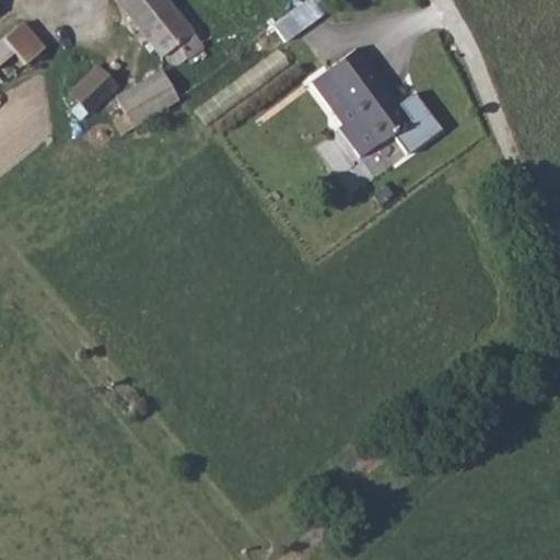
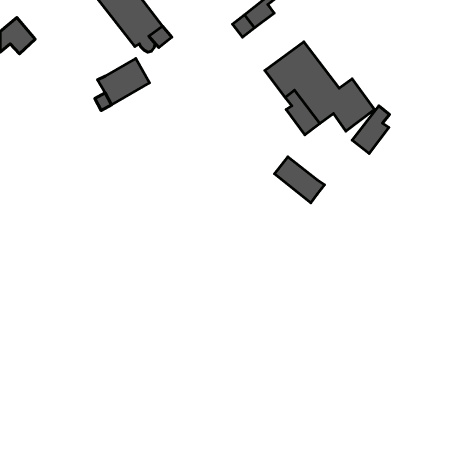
building: [70,63,117,110] -> none
building: none -> [352,106,389,153]
building: none -> [274,157,324,203]

